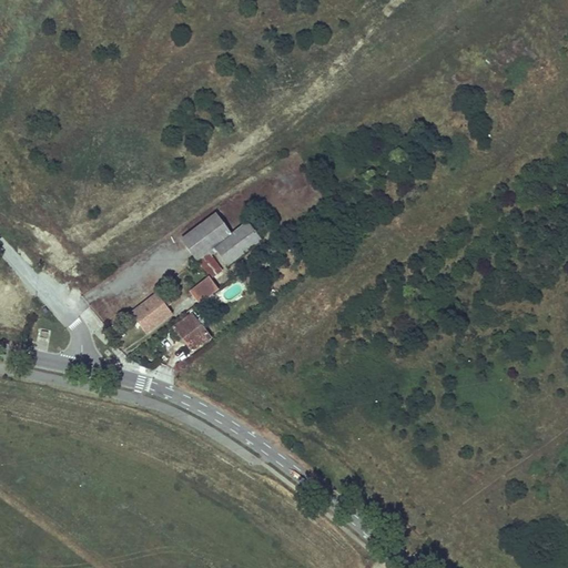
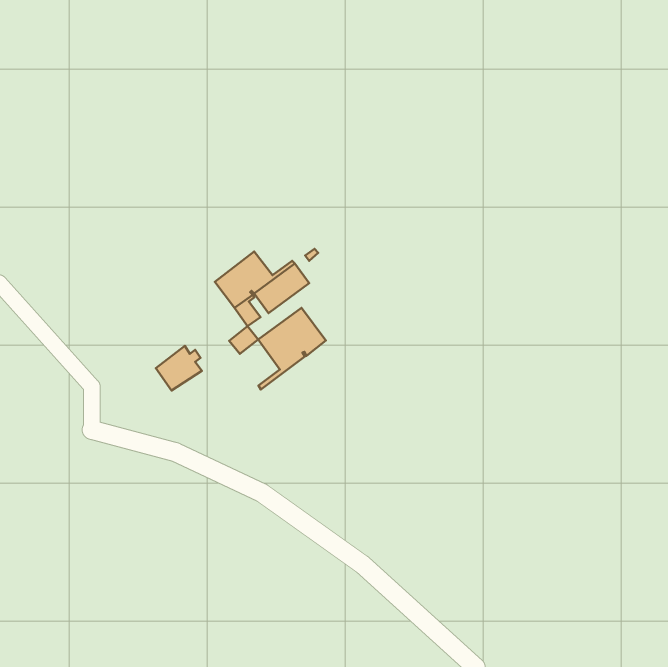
building: none -> [258,308,326,390]
building: [173,313,210,349] -> none

